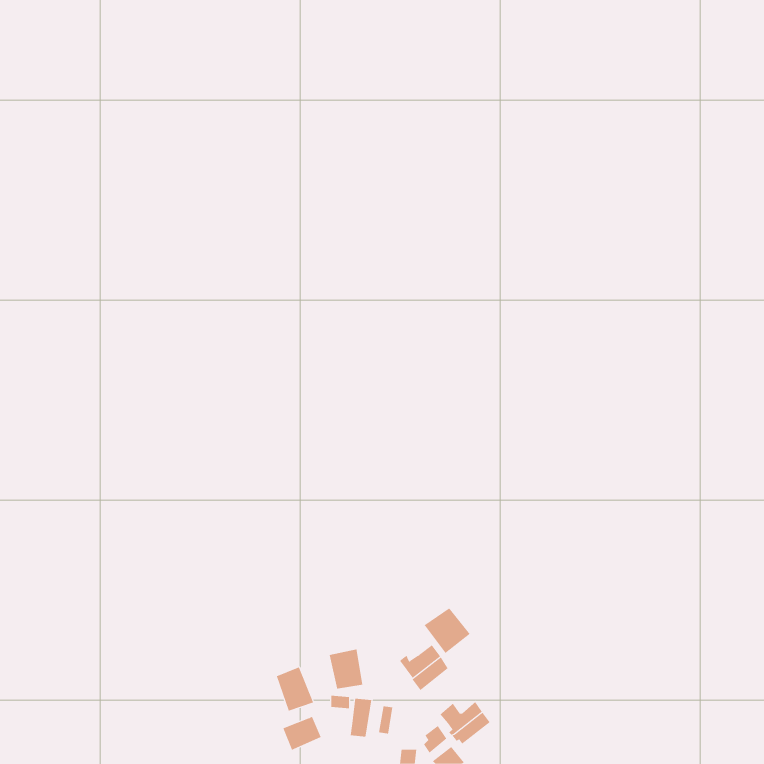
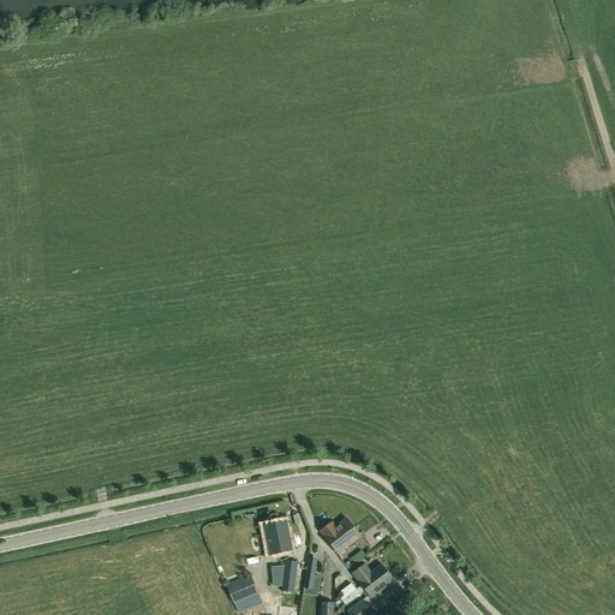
building: [424,608,470,654] -> none
building: [276,667,314,712] -> none

